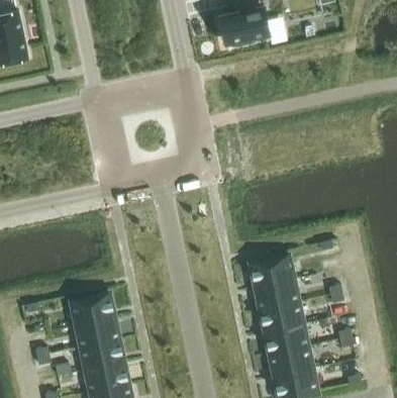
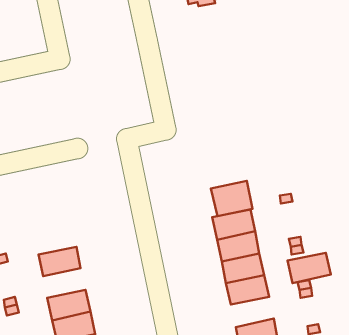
building: none -> [211,181,253,216]
building: [76,316,119,346] -> none
building: [269,345,313,377] -> [288,253,331,283]

